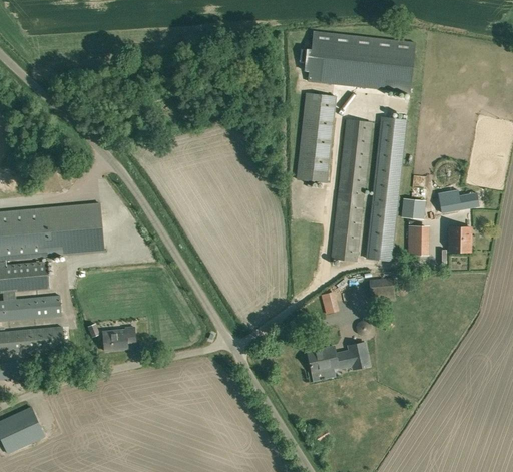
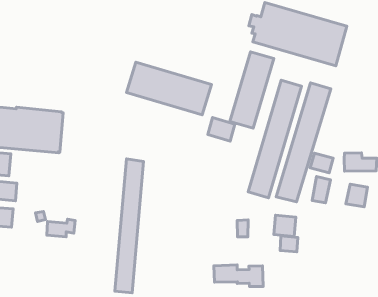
building: none -> [127,62,212,115]
building: none -> [208,118,235,141]
building: none -> [115,159,143,293]
building: none -> [280,236,298,252]

